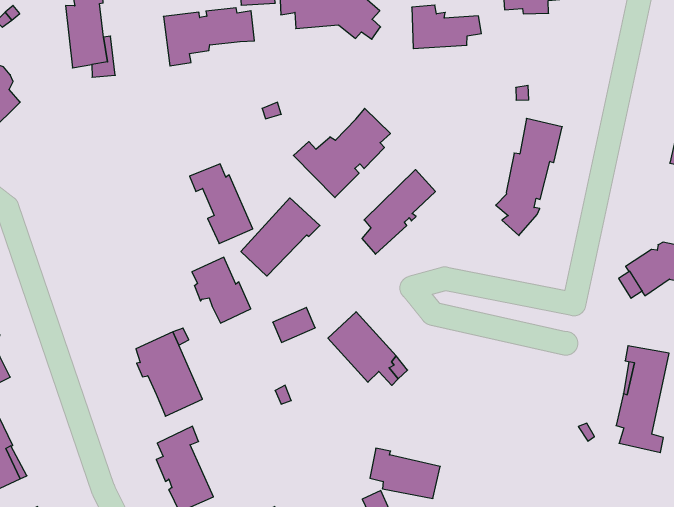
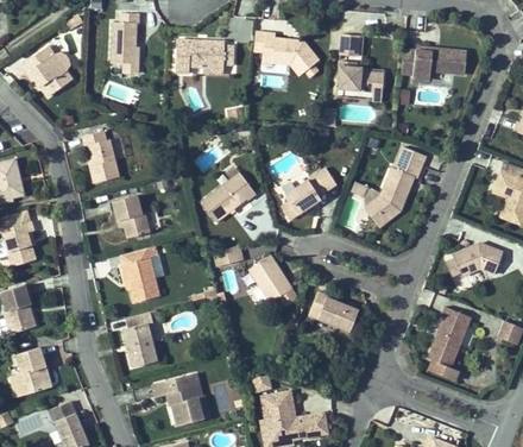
building: [293,108,390,198] -> none
building: [190,164,253,244] -> [82,131,118,183]
building: none -> [355,183,385,227]
building: [192,257,251,323] -> [114,195,149,238]
building: [370,448,440,498] -> [310,291,358,330]

